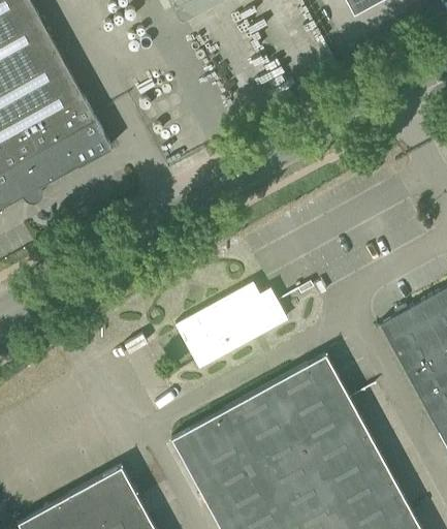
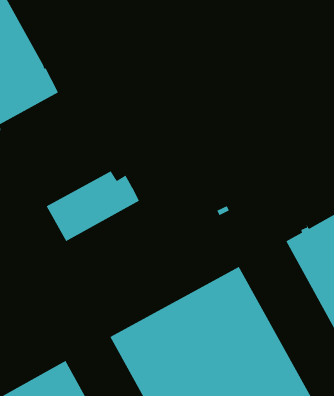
building: [175,284,287,369] -> [46,171,140,242]

